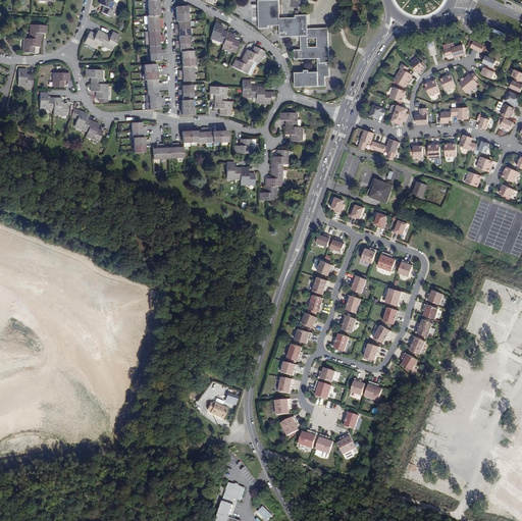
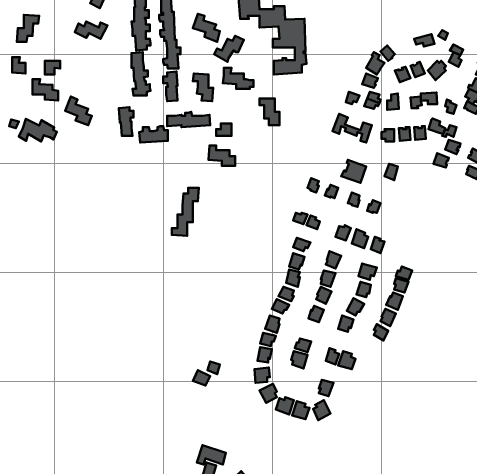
building: [85,68,106,98] -> none
building: none -> [19,119,57,141]
building: [259,149,288,200] -> [172,188,199,236]

